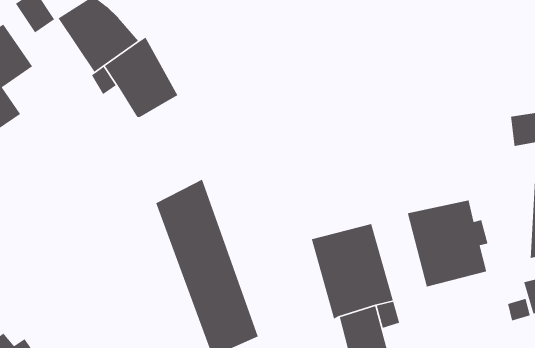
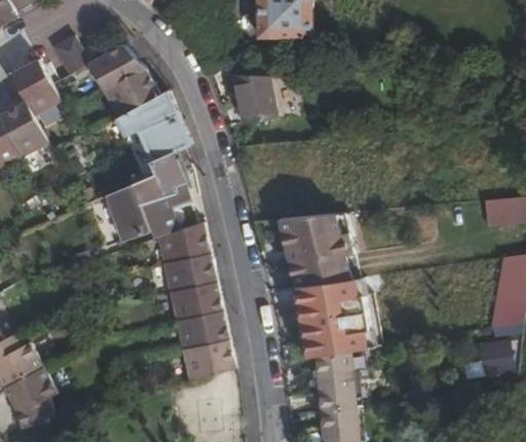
building: none -> [234,73,276,123]
building: none -> [109,146,194,241]
building: [407,200,488,287] -> [283,210,351,283]

